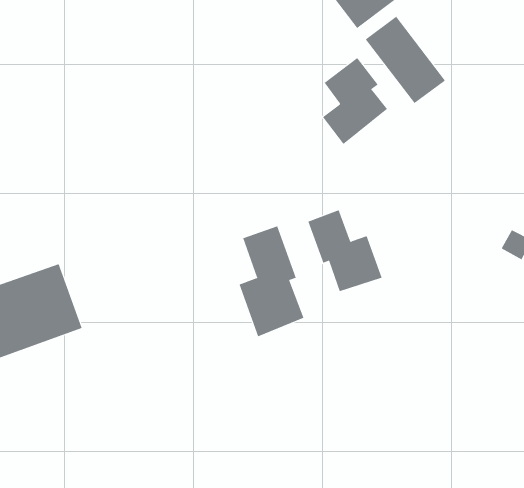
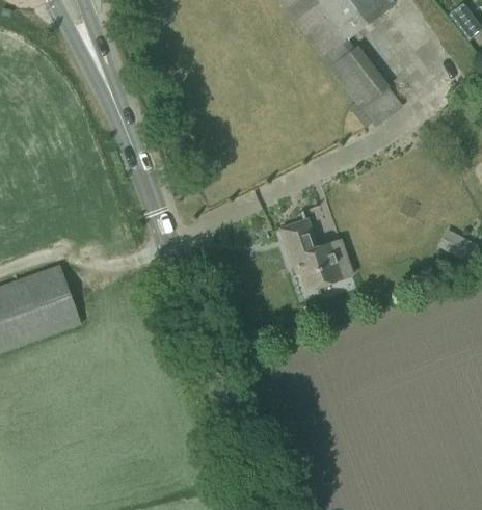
building: [322,57,388,145] -> none
building: [239,225,304,337] -> none

